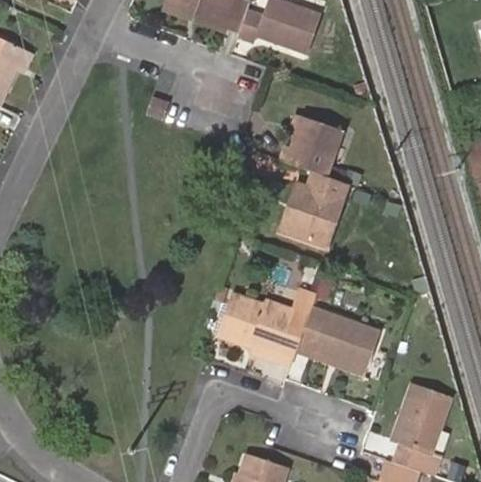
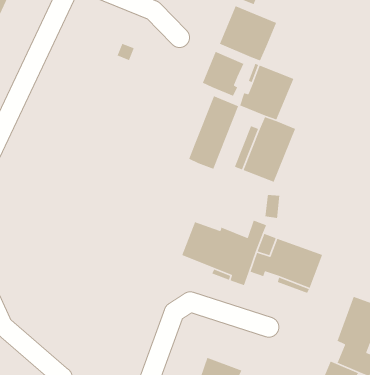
building: none -> [219,5,277,62]
building: none -> [202,51,245,97]
building: none -> [188,95,239,170]

